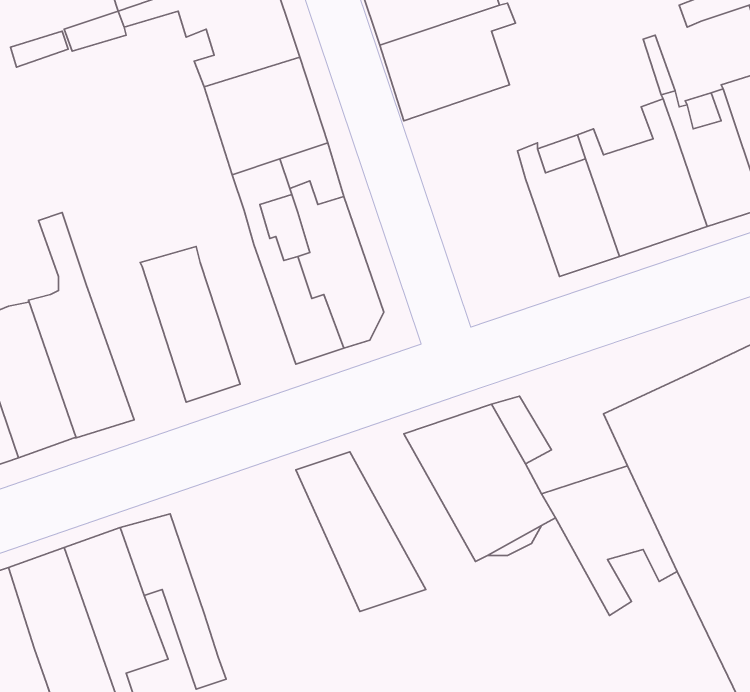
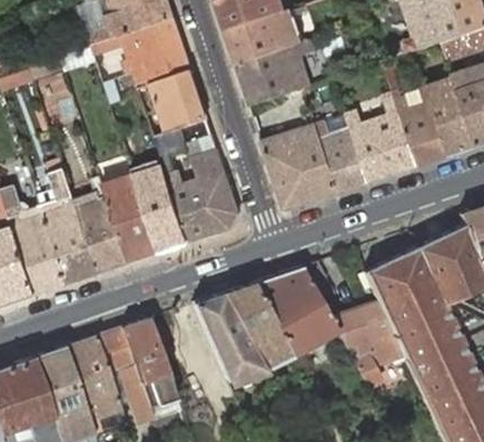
building: none -> [261,124,337,210]
building: none -> [137,176,190,254]
building: none -> [73,177,129,274]
building: none -> [220,282,290,369]
building: none -> [120,316,174,406]

